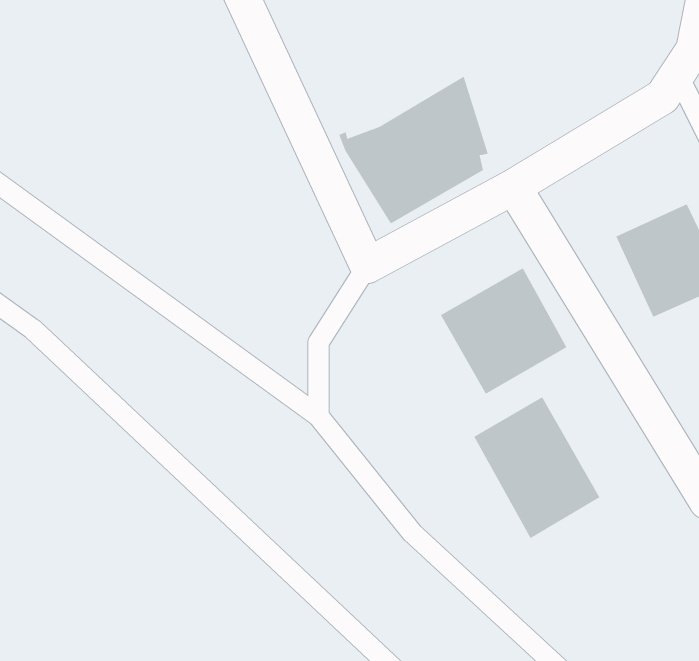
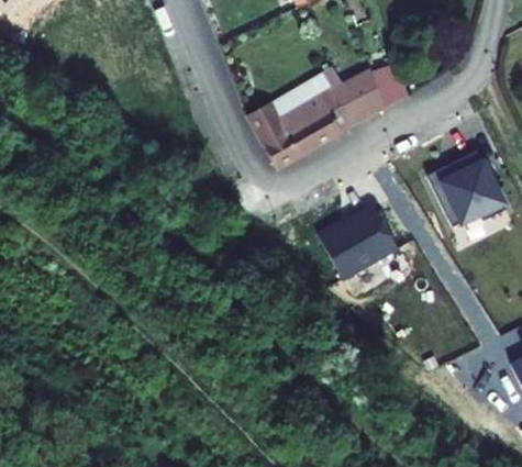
building: none -> [333,57,402,120]
building: [473,396,600,539] -> none

